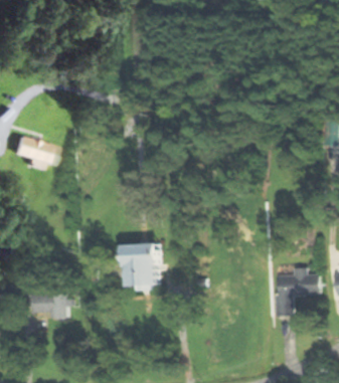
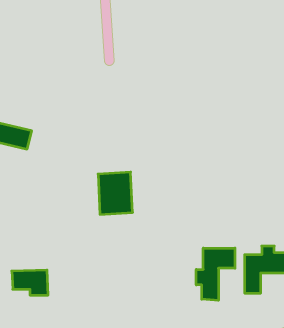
building: [123,242,159,286] -> [98,172,133,214]
building: none -> [196,248,235,300]

